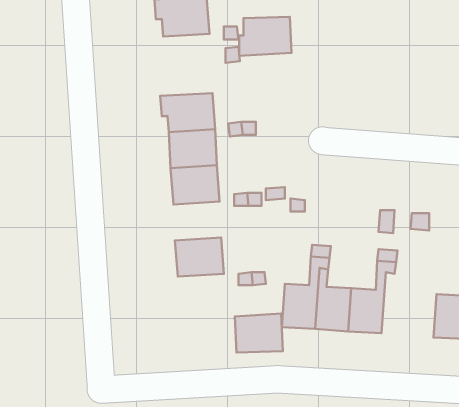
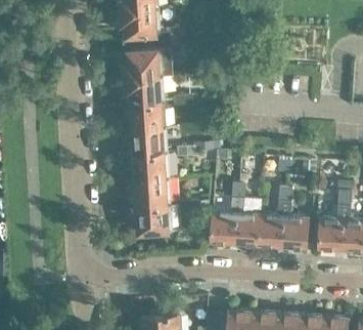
building: [239,17,291,56] -> [124,50,161,78]
building: none -> [133,153,167,180]
building: none -> [280,203,307,248]
building: [235,314,283,353] -> [136,204,170,232]

